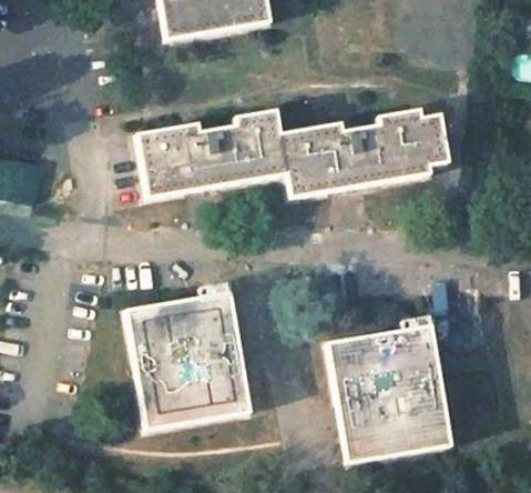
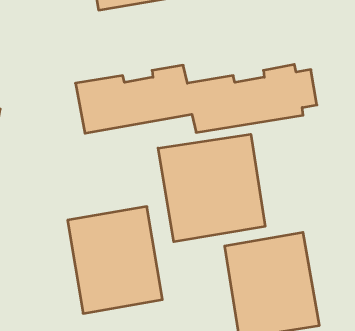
building: none -> [158,134,265,242]

